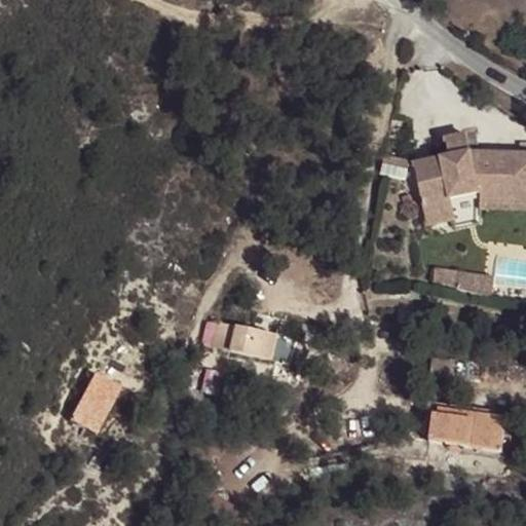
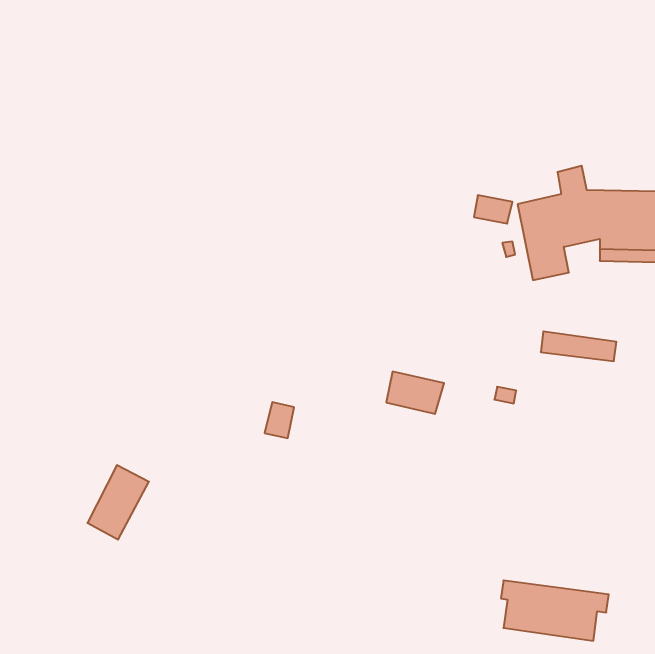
building: [231,326,277,360] -> [386,372,444,414]
building: [428,402,515,450] -> [501,580,609,641]

